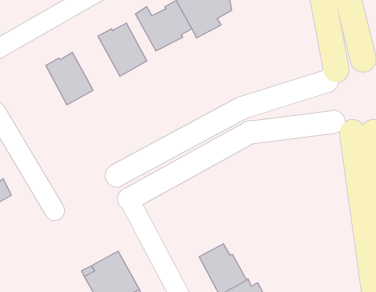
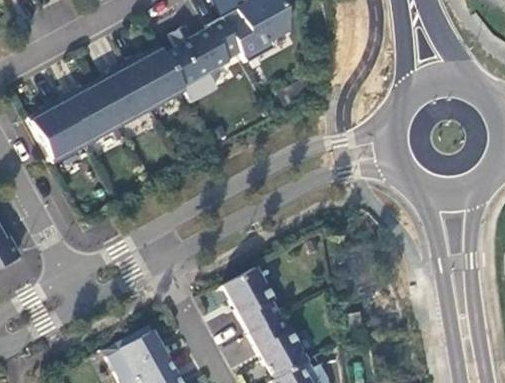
building: none -> [94,61,152,127]
building: none -> [29,97,87,163]
building: none -> [223,267,279,332]

